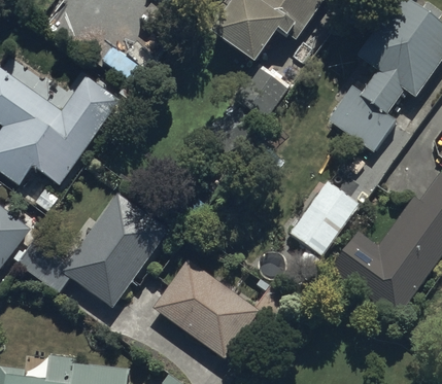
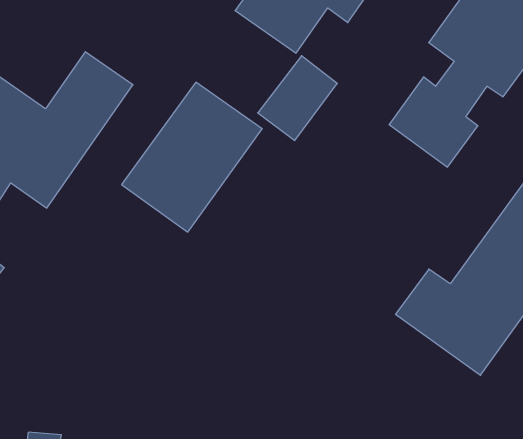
building: [290,181,360,255] -> none
building: [60,191,169,308] -> [122,82,262,232]
building: [150,256,260,359] -> none

